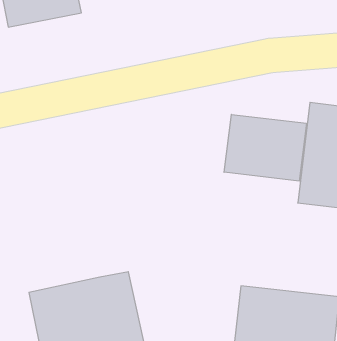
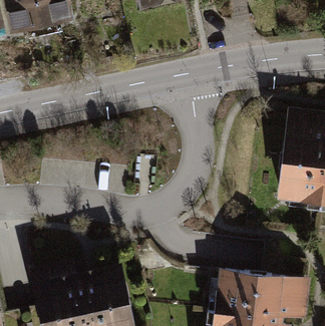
building: [224,114,306,181] -> none

